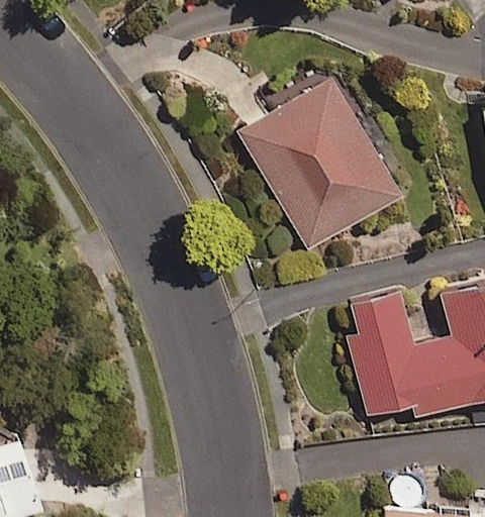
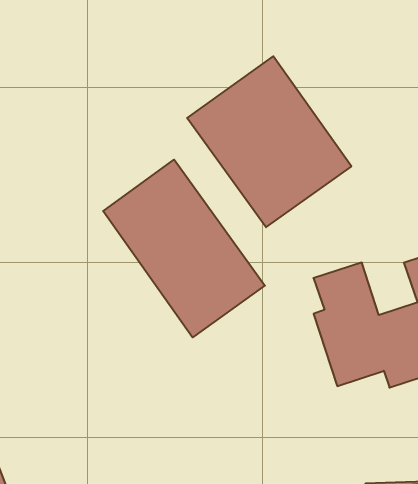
building: none -> [103,160,265,337]

